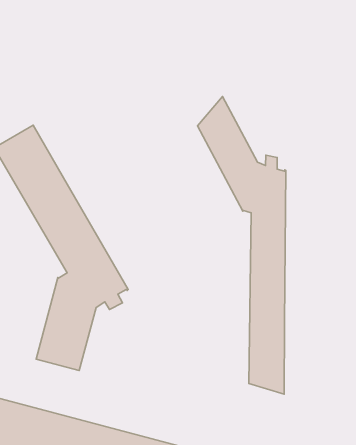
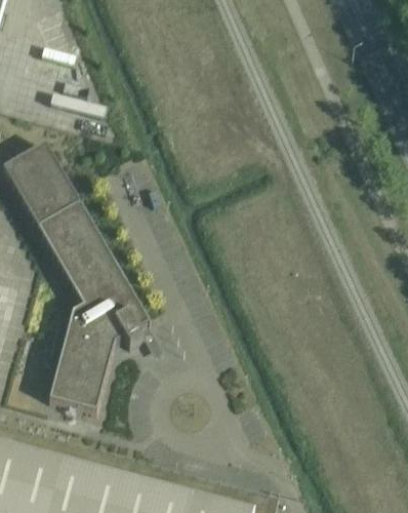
building: [197,97,286,394] -> none

